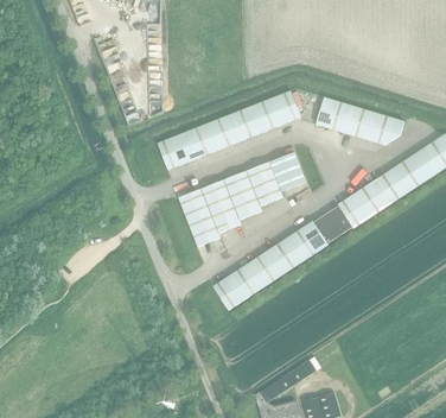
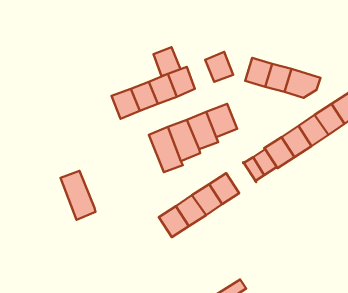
building: [246,100,278,134] -> [153,47,181,76]
building: [178,189,219,247] -> [60,171,96,220]
building: [292,221,327,258] -> none

